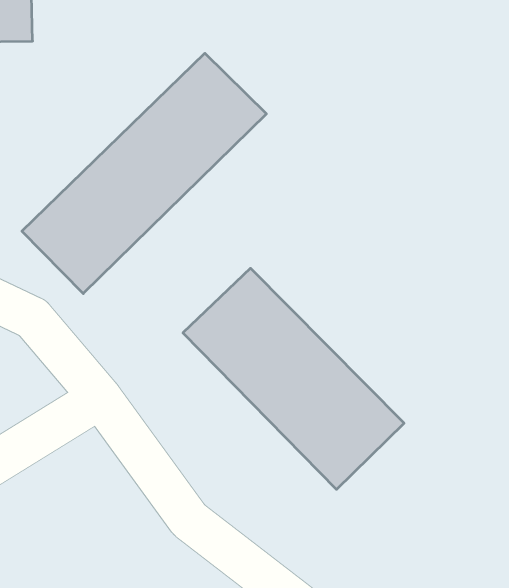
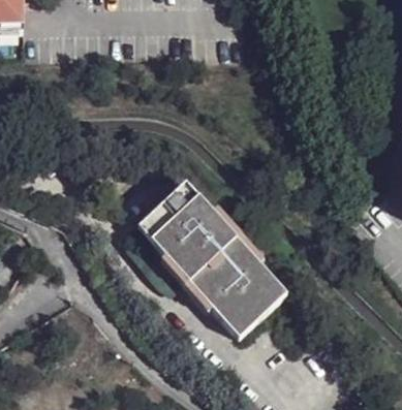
building: [22,53,266,294] -> none

